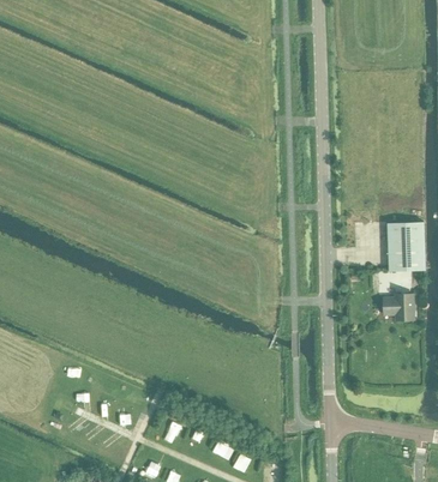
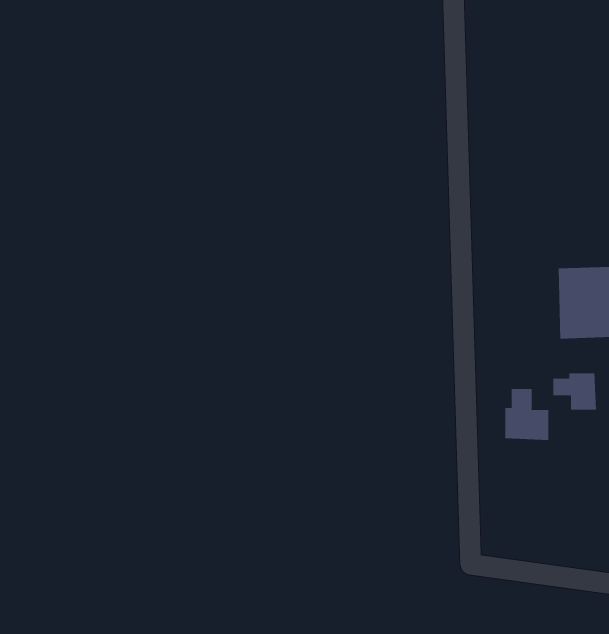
building: none -> [505,388,549,441]

